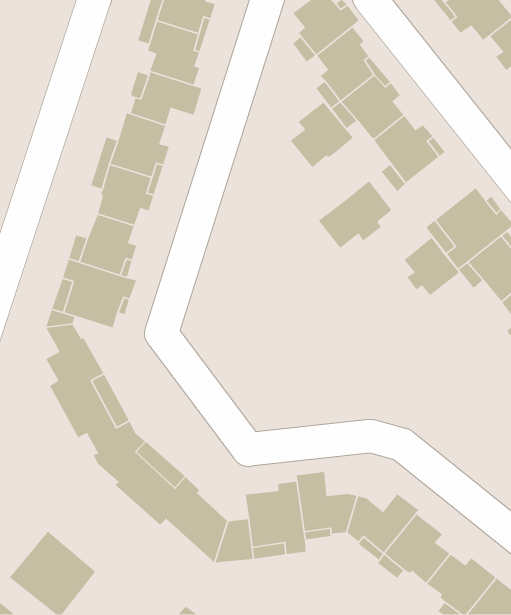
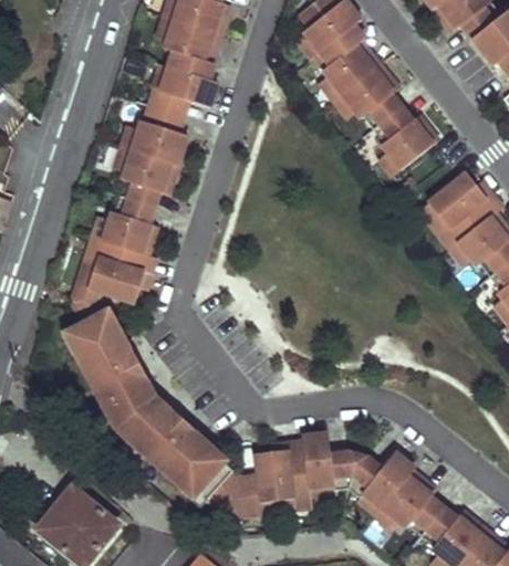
building: [290,101,354,168] -> none
building: [318,180,392,249] -> none
building: [403,237,460,296] -> none

